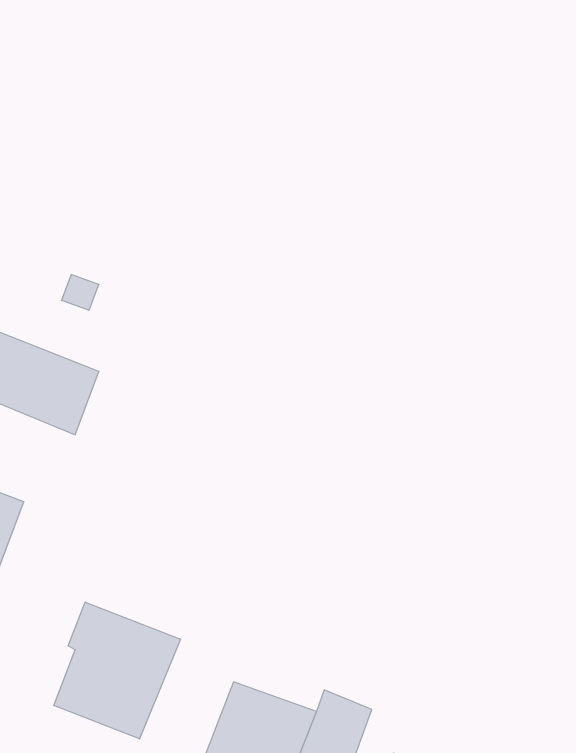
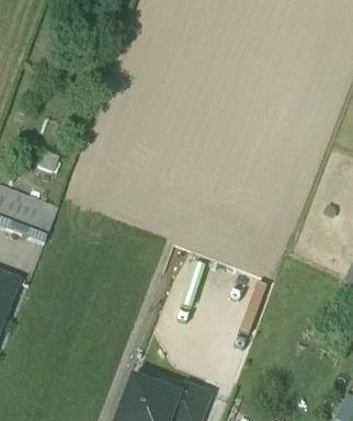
building: [54,602,181,739] -> none

